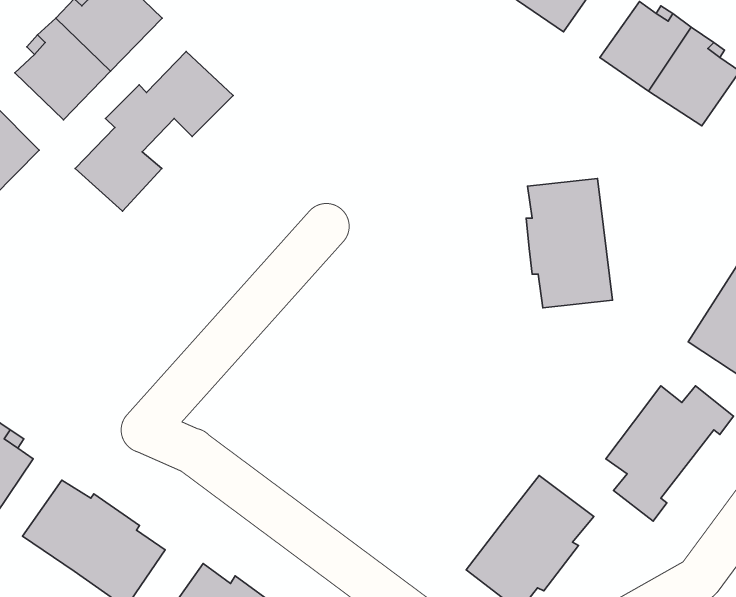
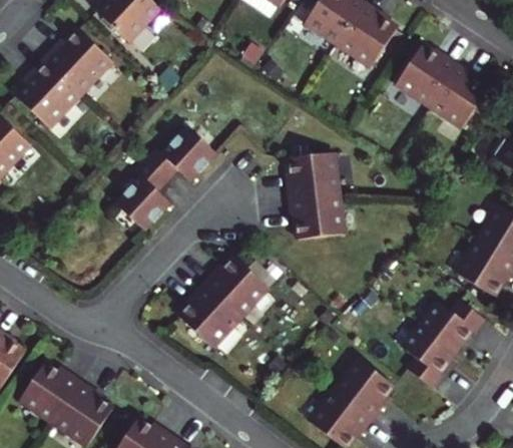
building: [75,52,233,211] -> [116,126,220,232]
building: [526,179,613,308] -> [288,154,345,240]
building: none -> [180,257,269,348]

